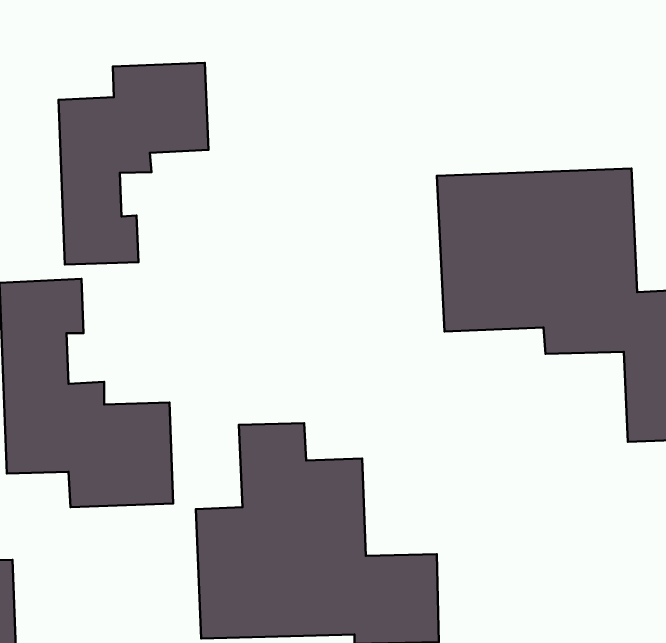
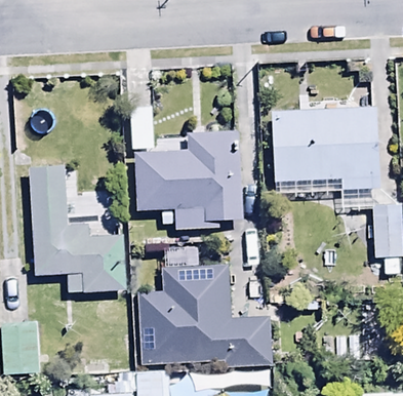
building: [59,63,209,265] -> none
building: none -> [135,131,242,231]

